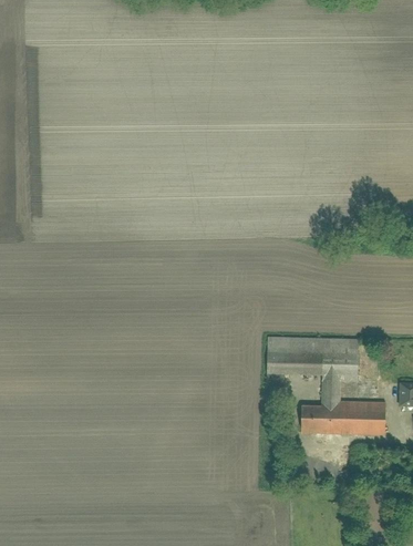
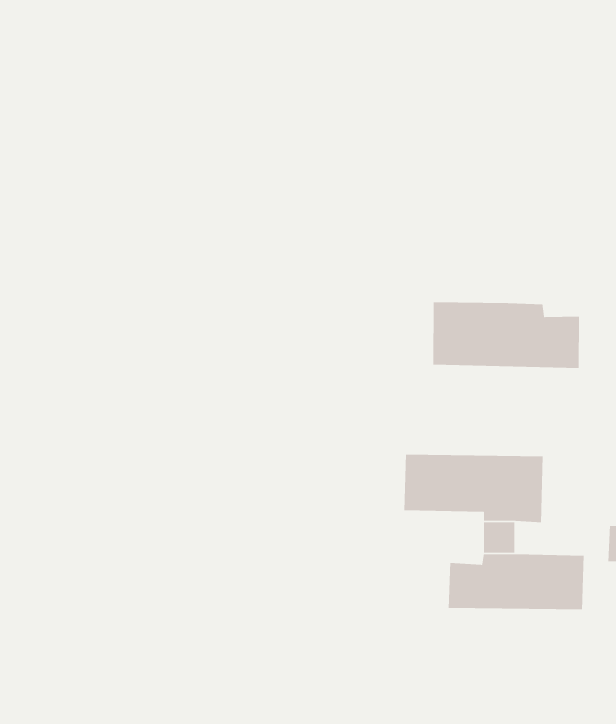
building: none -> [432,302,580,369]

